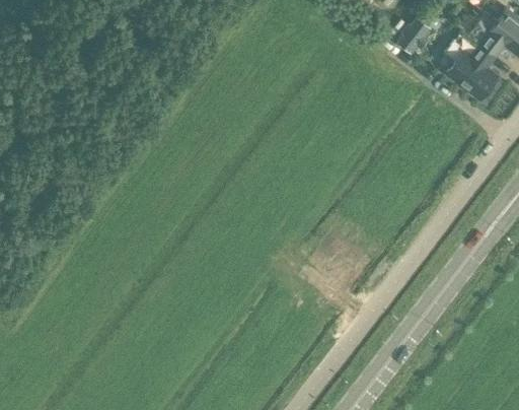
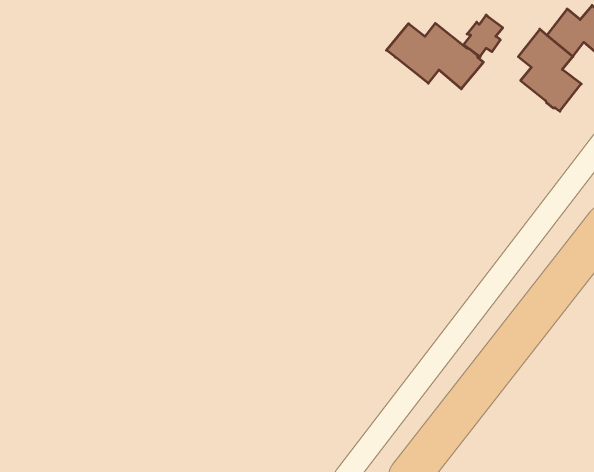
building: none -> [386,23,483,89]

